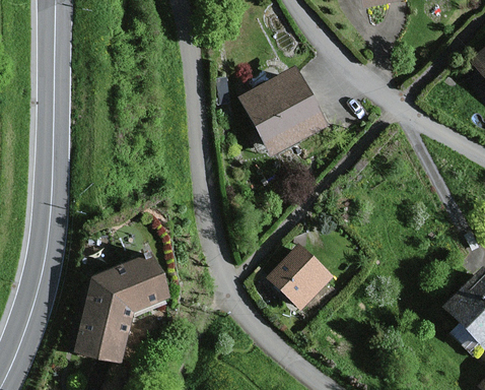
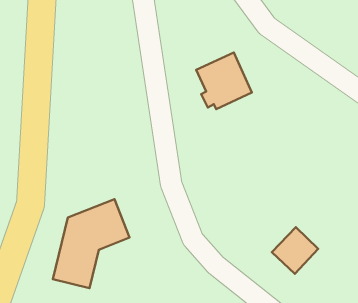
building: [271,247,328,304] -> [272,227,318,274]

